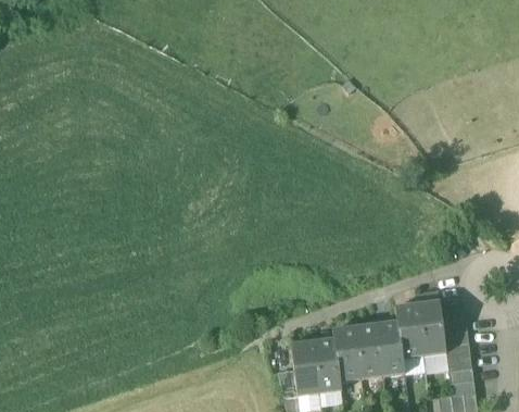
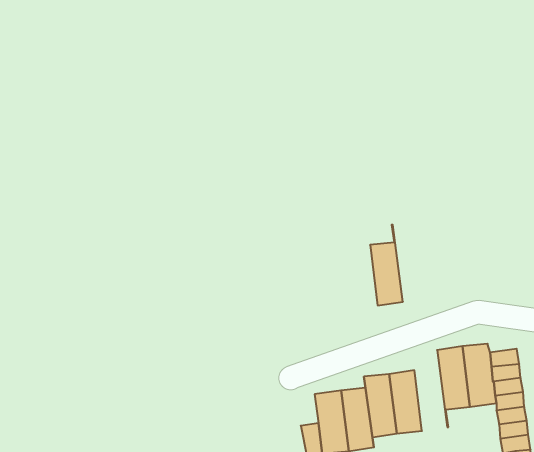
building: [376,305,404,375] -> [370,225,403,305]

